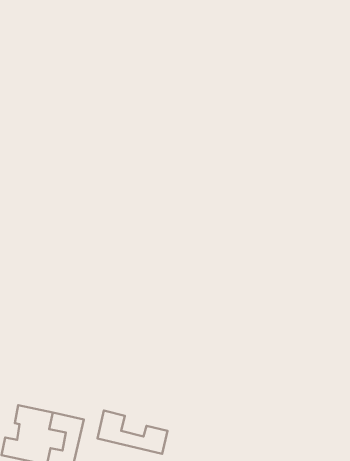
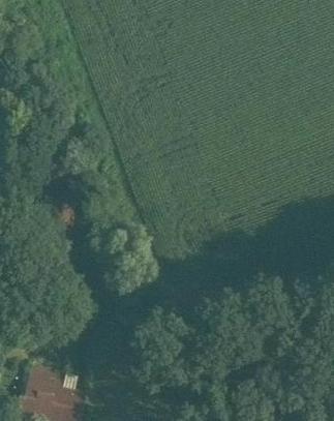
building: [97,411,167,454] -> none

